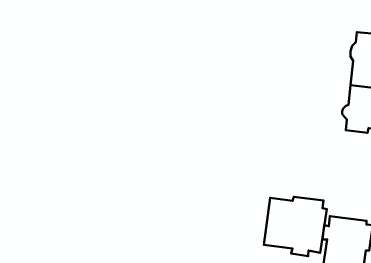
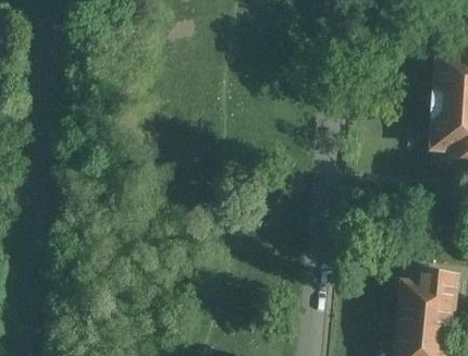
building: [264,197,327,256] -> none

